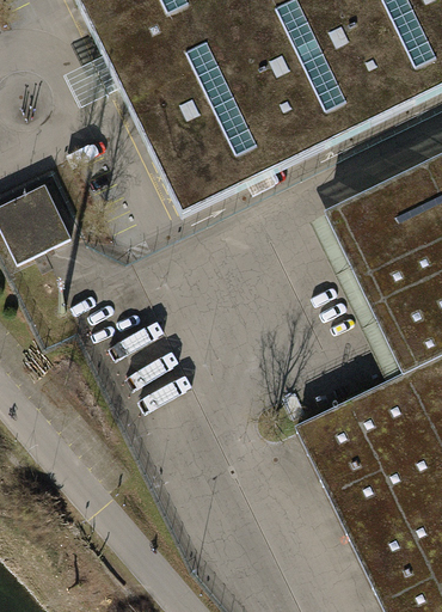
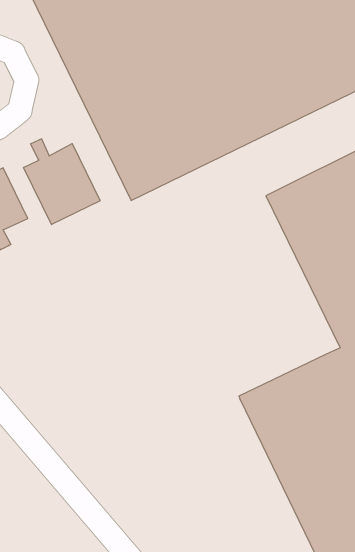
building: none -> [24,139,100,225]

